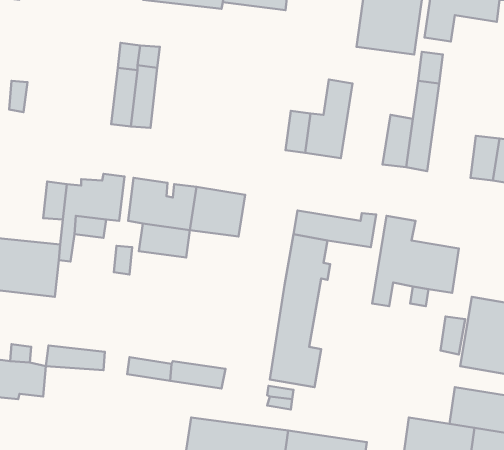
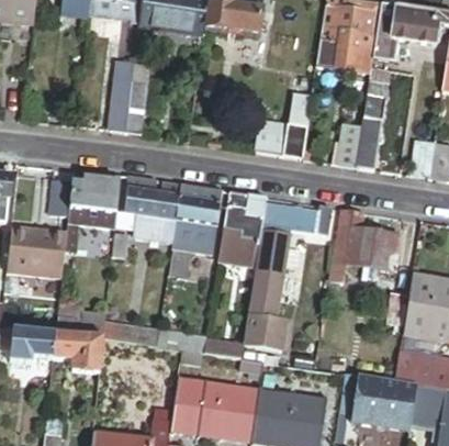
building: none -> [220,190,268,265]
building: none -> [169,219,217,277]
building: none -> [54,333,104,373]

